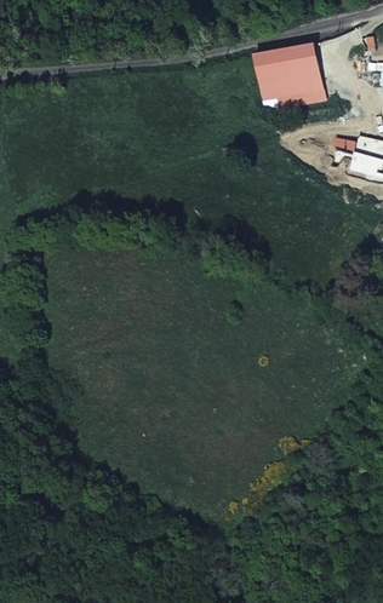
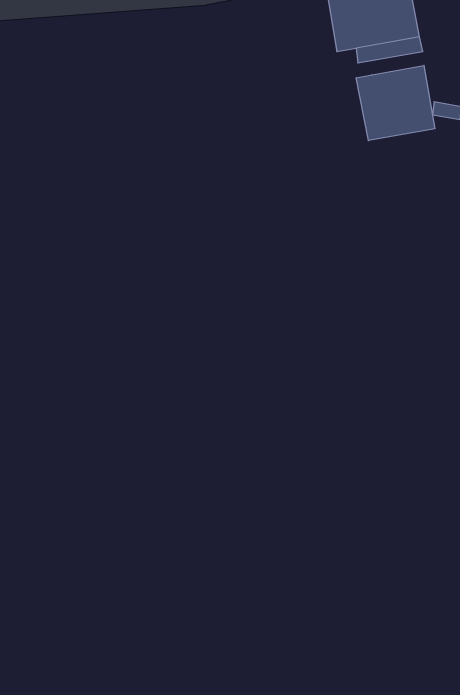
building: none -> [356,65,435,141]

